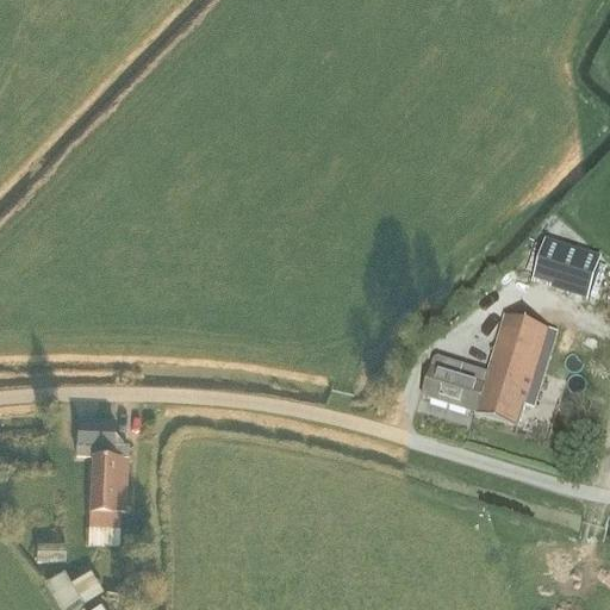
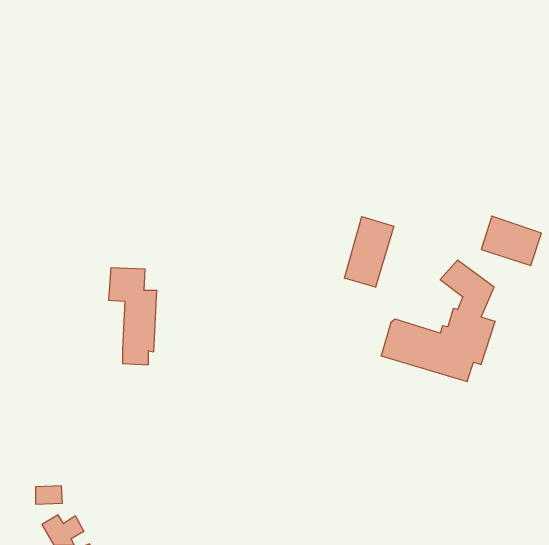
building: none -> [344,217,394,287]
building: [74,419,127,527] -> [109,268,157,365]

